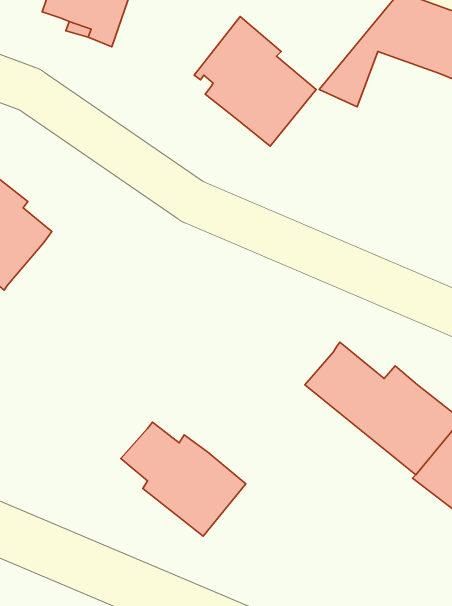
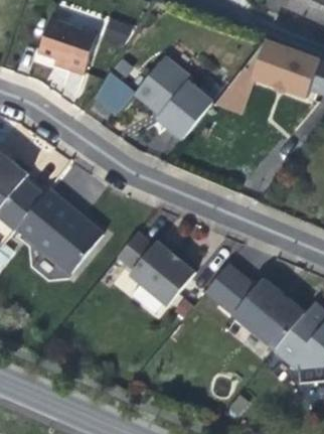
building: none -> [89,71,135,118]
building: none -> [16,189,104,274]
building: [121,422,246,536] -> [117,233,196,305]

